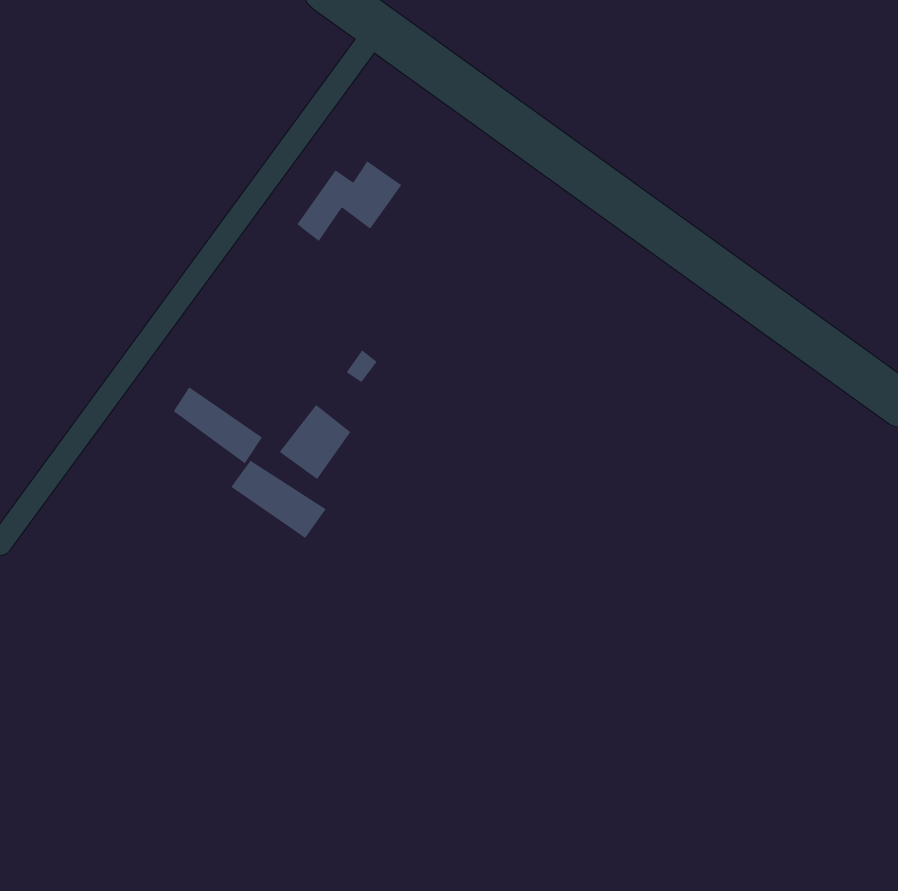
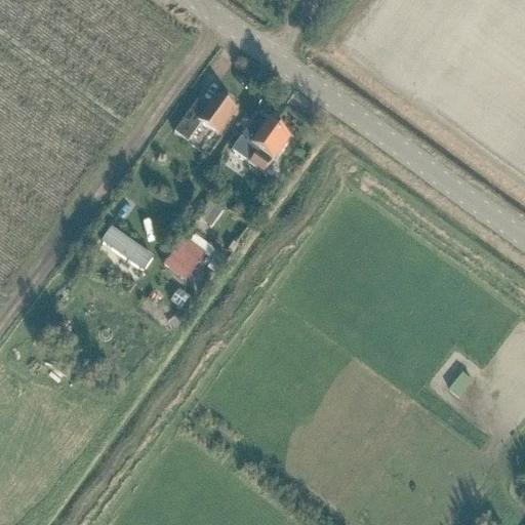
building: none -> [231,112,290,171]
building: [231,460,326,539] -> none

